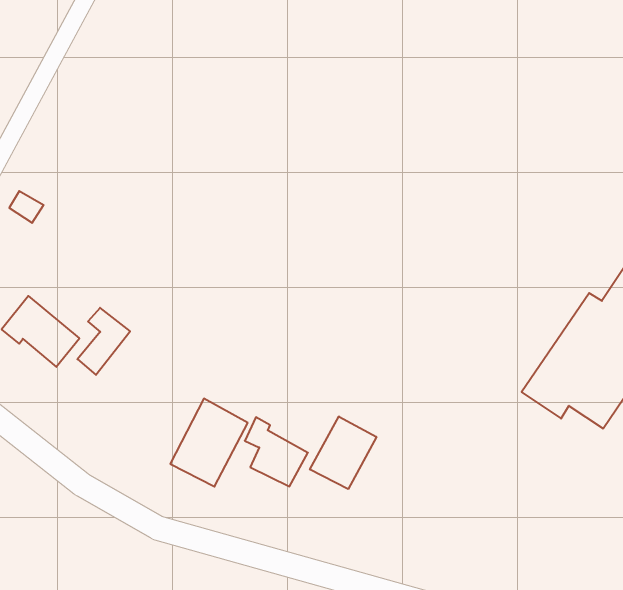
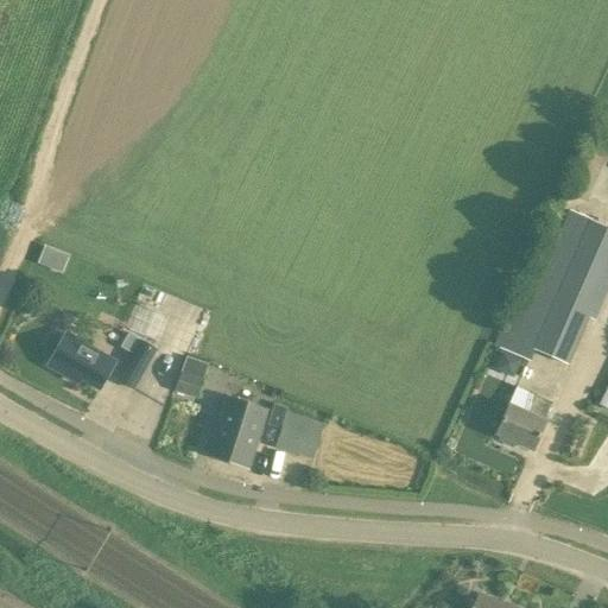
building: none -> [175,356,209,399]
building: [310,416,376,489] -> none
building: none -> [496,387,552,450]

